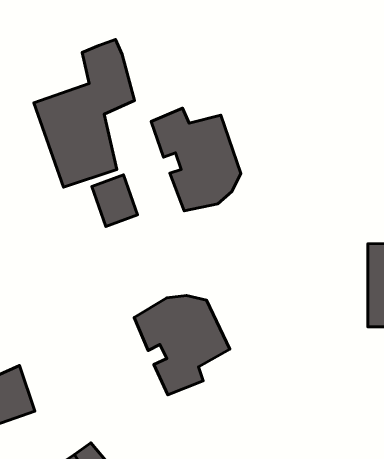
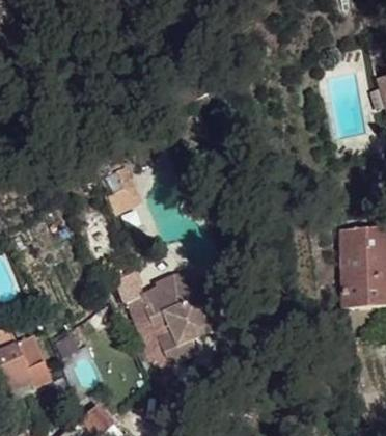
building: [34,39,135,187] -> none
building: [151,108,241,211] -> none

